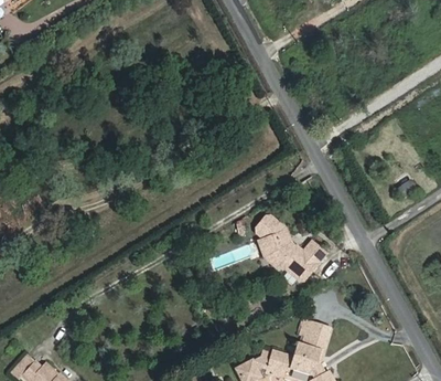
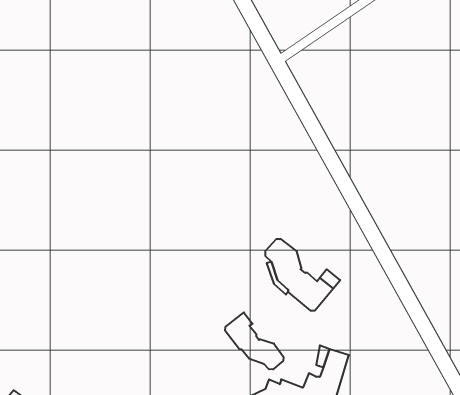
building: none -> [225,312,283,369]

